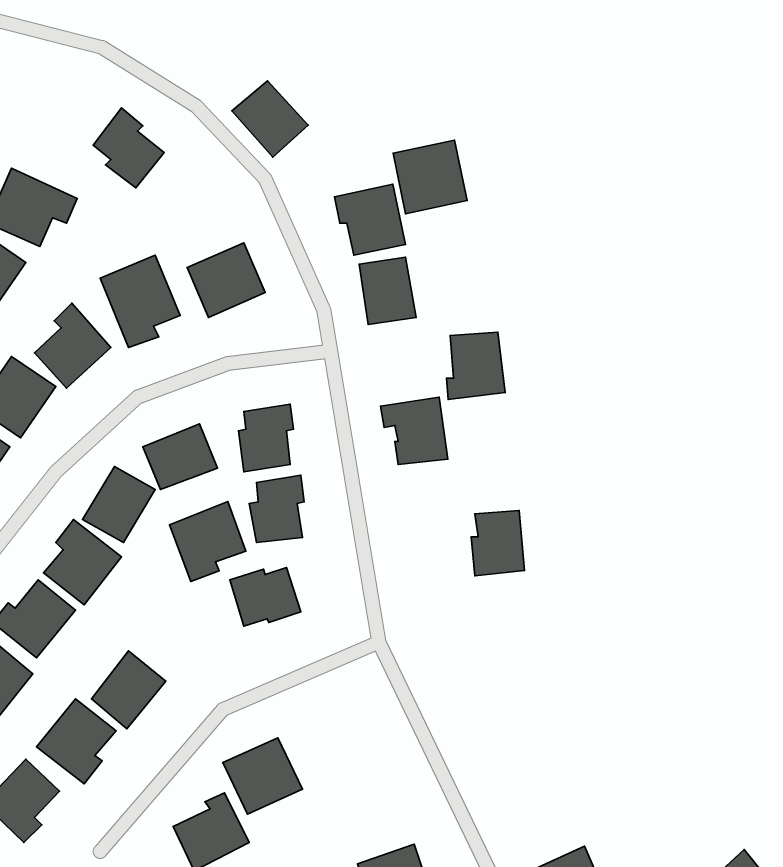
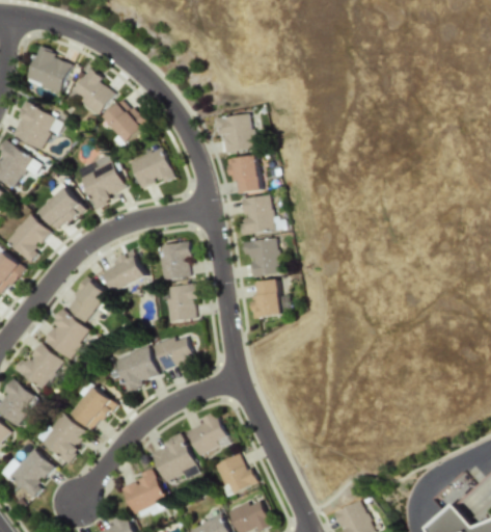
building: none -> [28,48,73,92]
building: [232,81,308,157] -> [104,99,148,143]
building: [393,140,467,214] -> none
building: [447,332,505,400] -> [240,195,274,235]
building: [169,502,246,581] -> [114,346,159,393]
building: [471,510,524,576] -> [251,280,282,318]
building: none -> [187,411,226,456]
building: none -> [214,453,258,497]

